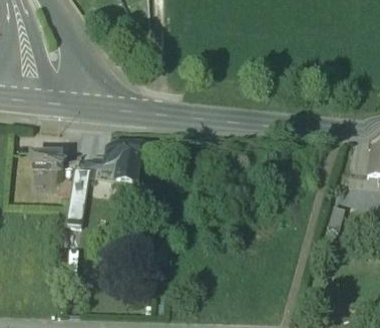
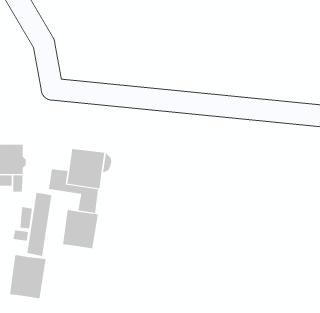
building: none -> [62,209,98,249]
building: none -> [9,254,46,299]

